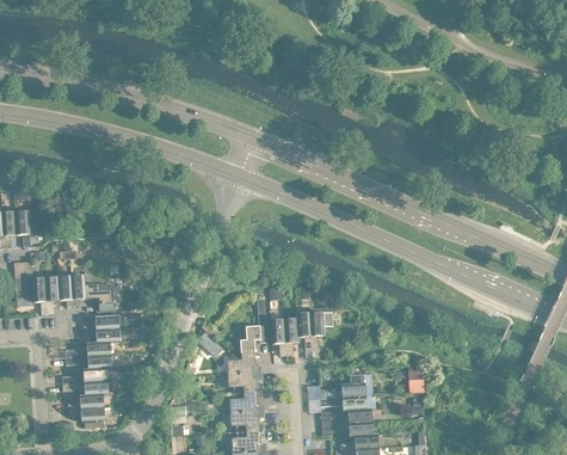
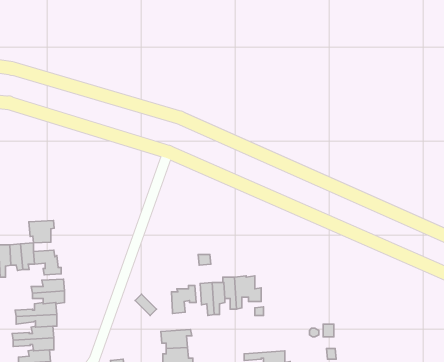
building: none -> [29,220,54,243]
building: [227,352,260,374] -> none
building: [320,374,365,399] -> none

